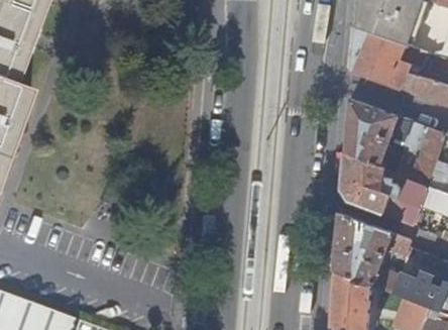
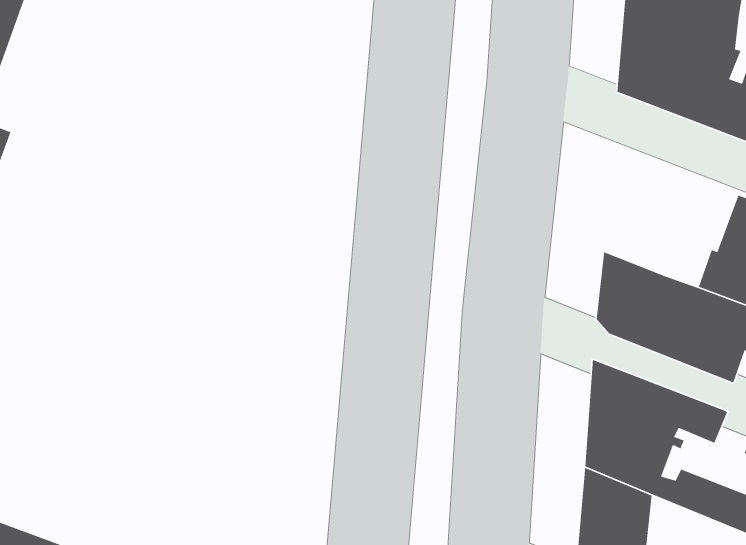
building: [344,99,397,168] -> none

